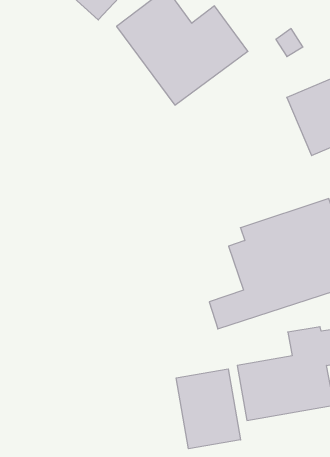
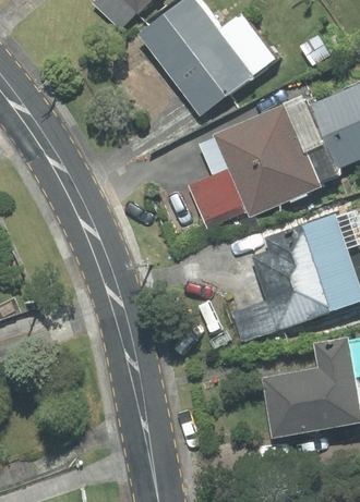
building: none -> [189,98,336,230]
building: [176,369,241,449] -> none

